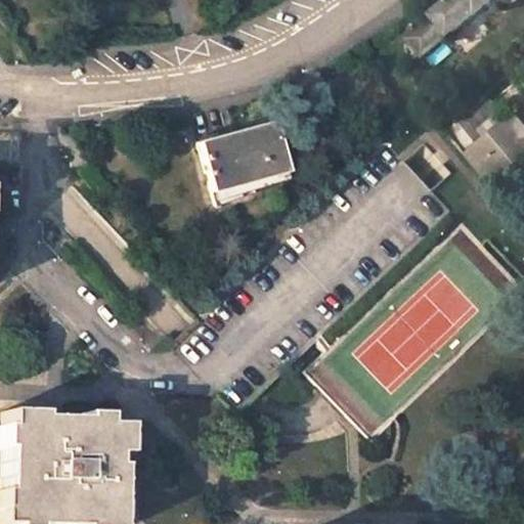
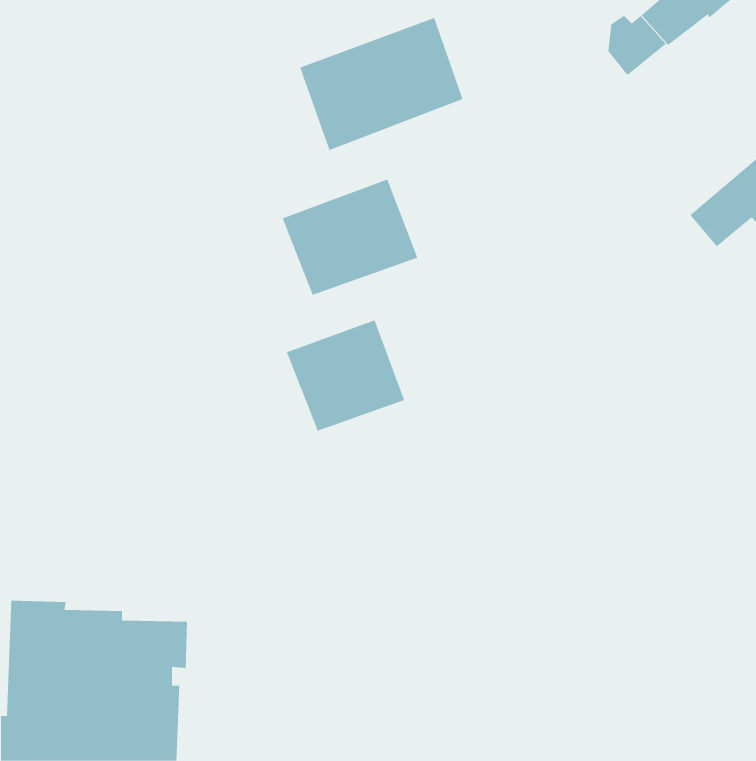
building: none -> [299,17,463,151]
building: none -> [286,320,405,432]

